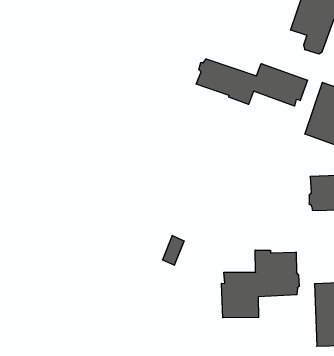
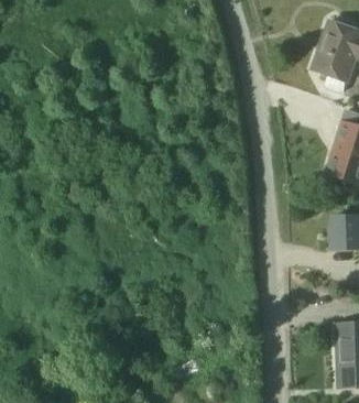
building: [196,59,307,106] -> none
building: [222,250,299,318] -> none

